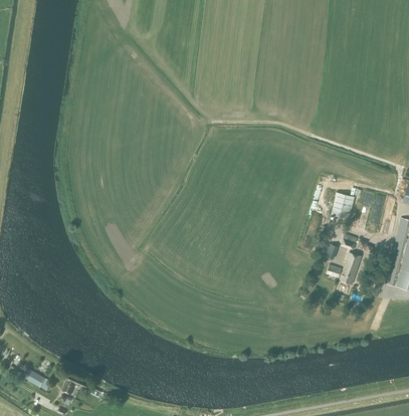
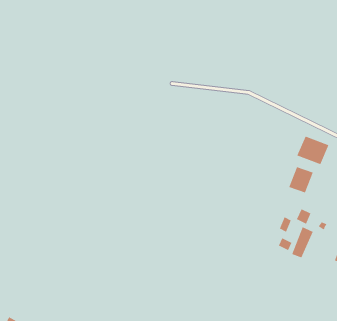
building: none -> [296,135,330,165]

